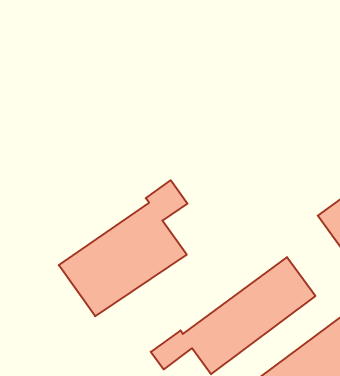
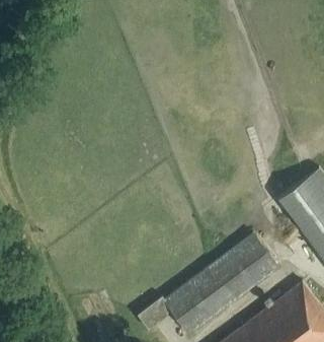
building: [59,180,187,316] -> none

